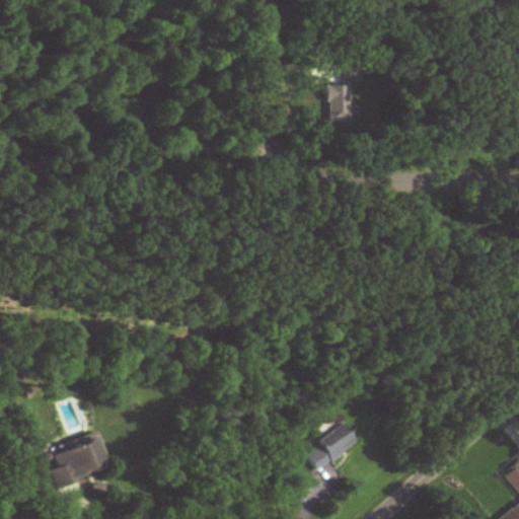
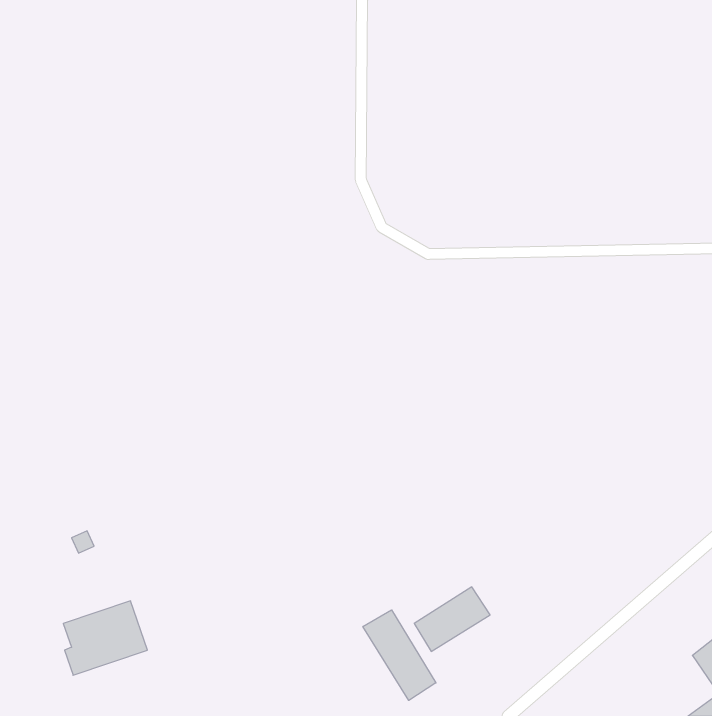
building: [328,86,351,116] -> none
building: none -> [363,610,436,700]

